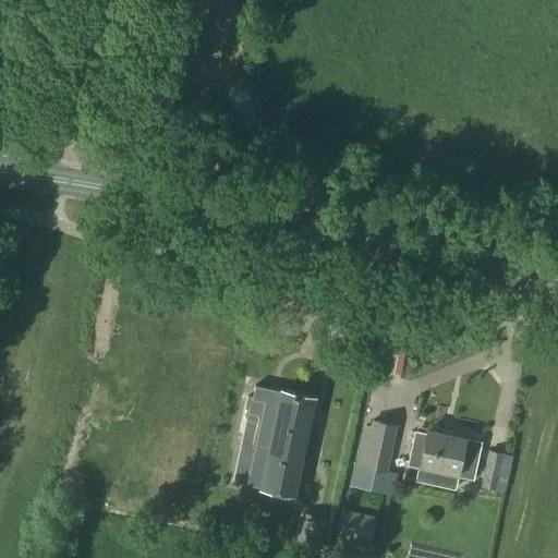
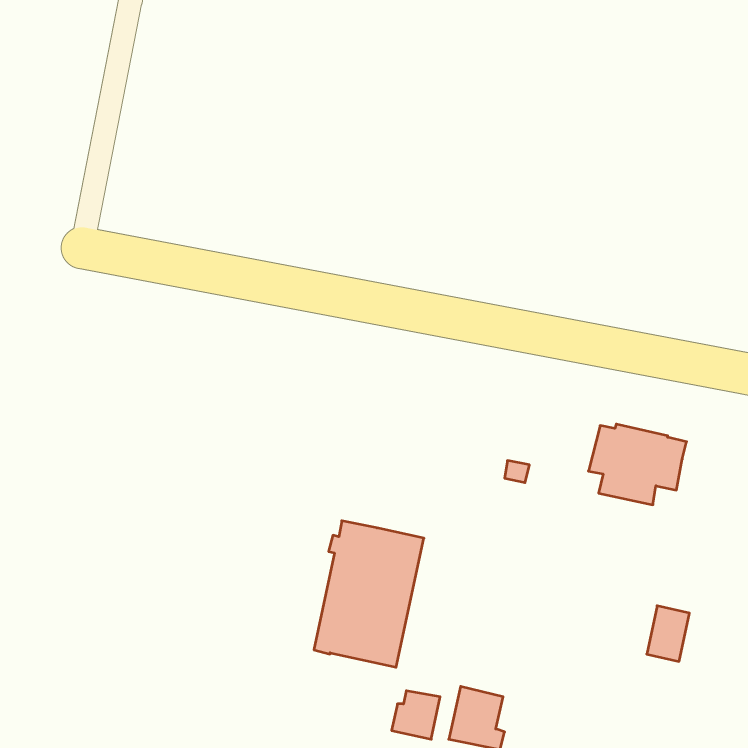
building: [351,421,398,496] -> none
building: [408,432,481,492] -> [588,424,687,505]

